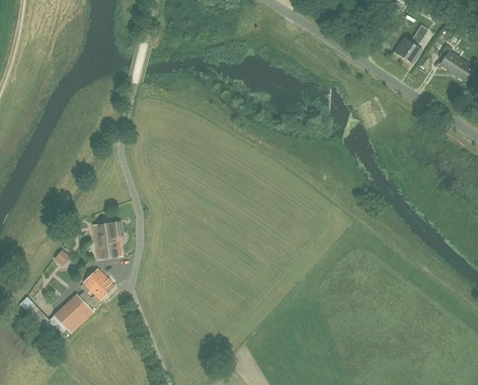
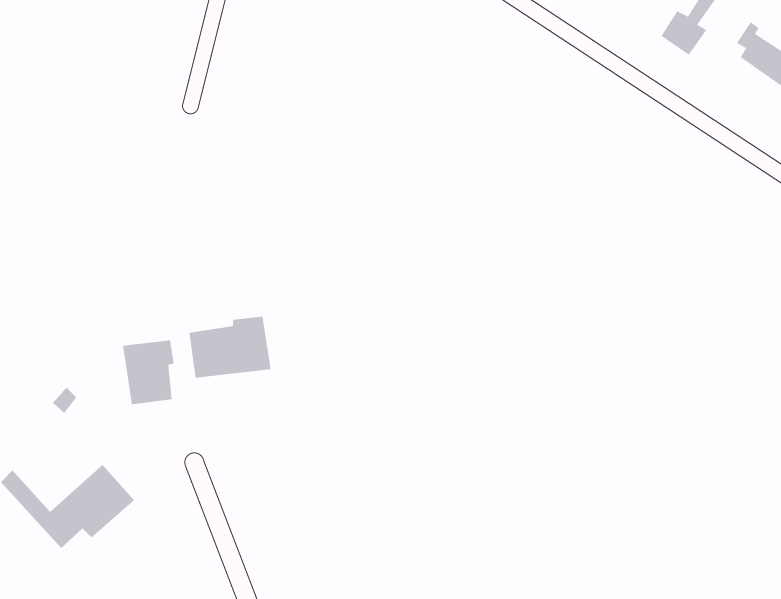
building: none -> [189,316,271,378]
building: [82,268,114,300] -> none

